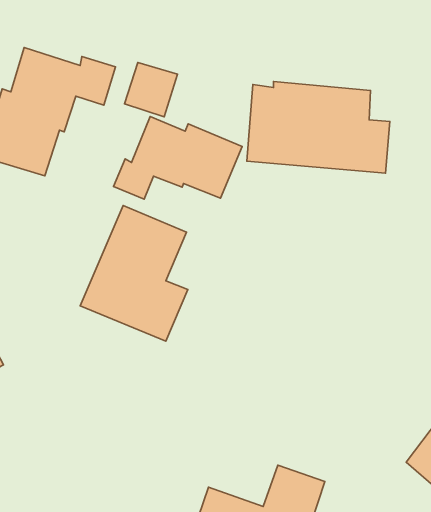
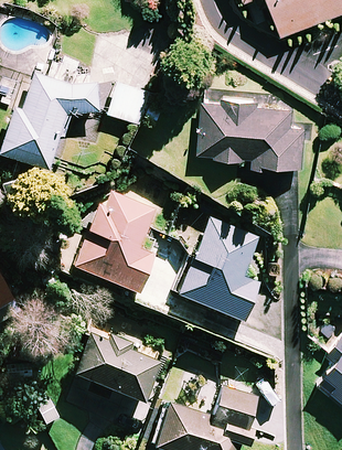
building: [114,116,242,199] -> none
building: none -> [178,218,258,321]
building: none -> [73,329,161,401]

